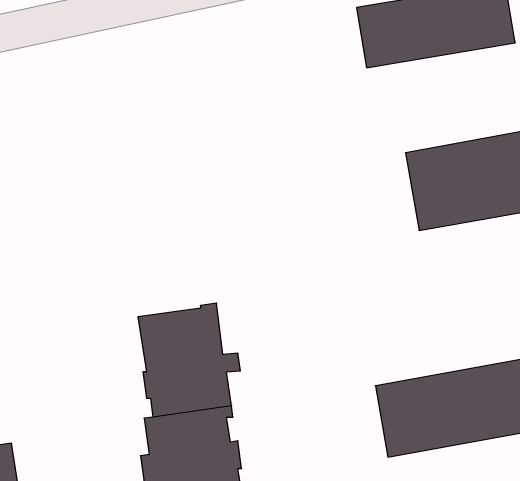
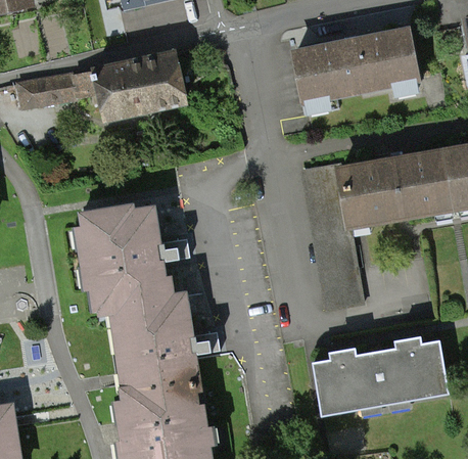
building: none -> [16,50,181,117]
building: none -> [305,171,360,308]
building: none -> [81,205,169,310]

